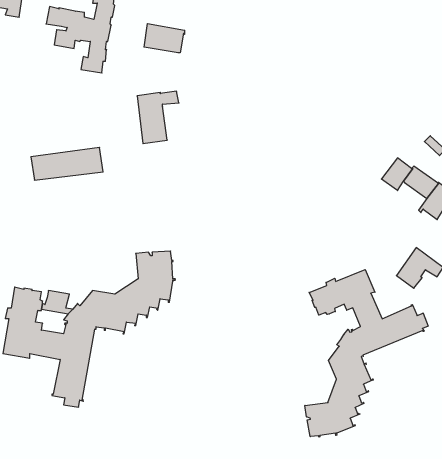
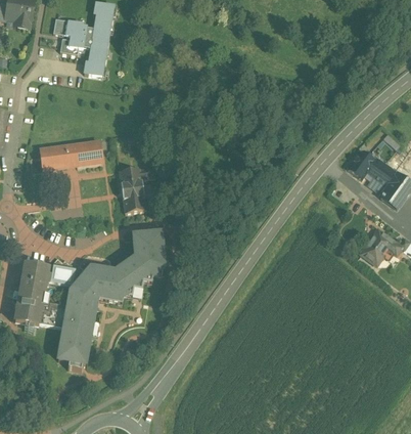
building: [144,24,185,53] -> none
building: [137,91,179,144] -> [119,167,155,213]
building: [305,270,428,437] -> none

